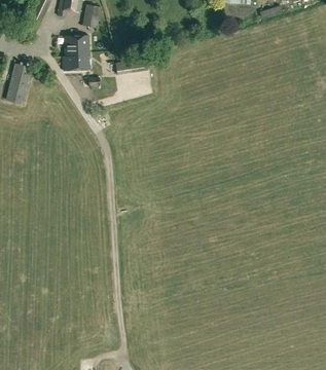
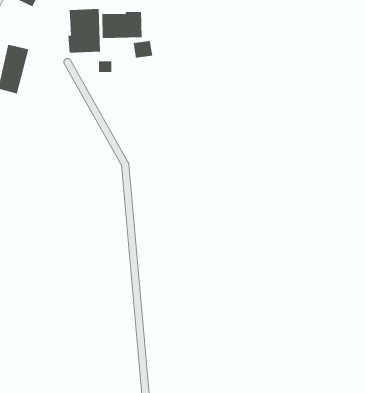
building: none -> [102,11,142,39]

